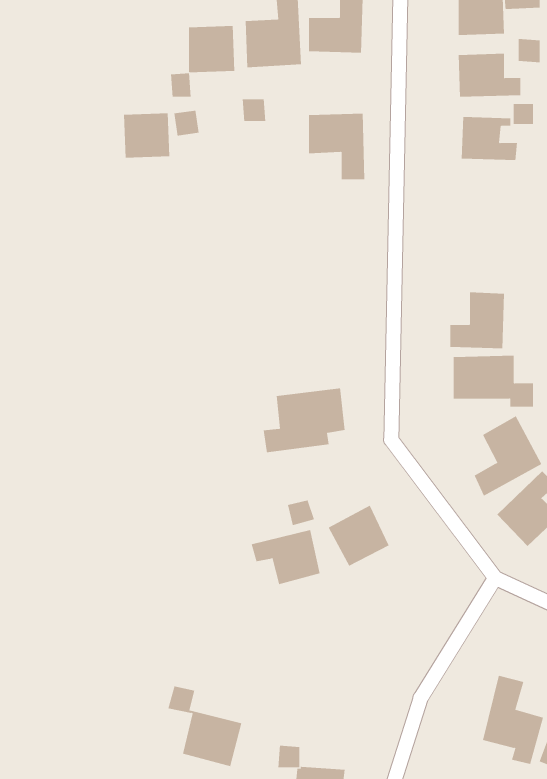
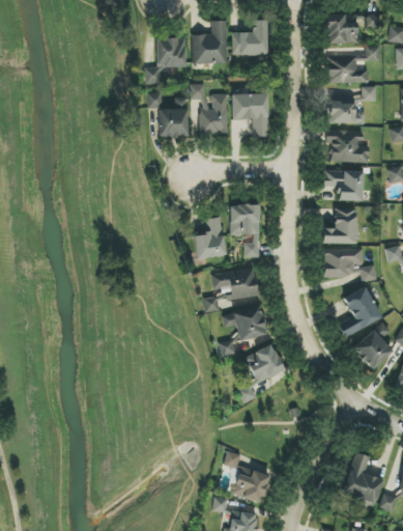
building: [123,113,170,158] -> [157,108,188,137]
building: none -> [198,94,228,135]
building: none -> [326,130,369,163]
building: none -> [324,170,364,201]
building: none -> [230,204,259,257]
building: none -> [194,217,225,258]
building: [251,529,321,585] -> [222,306,266,341]
building: [167,686,242,767] -> [223,451,270,503]

